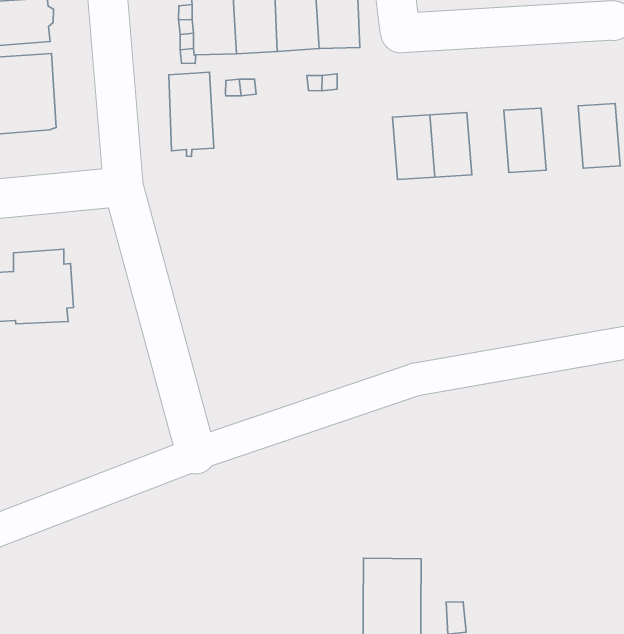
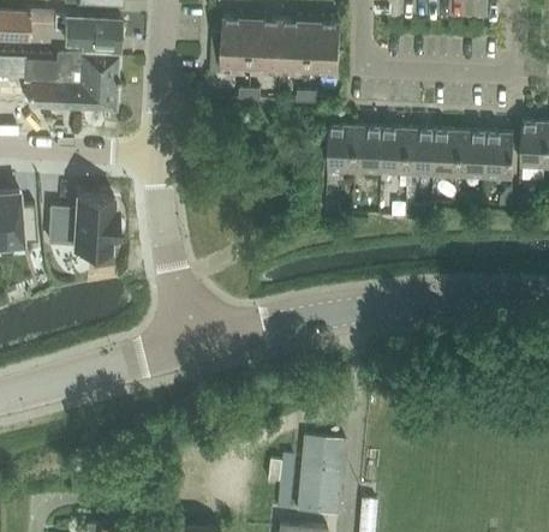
building: [169,72,214,156] -> none
building: none -> [460,132,488,178]
building: none -> [407,130,435,175]
building: none -> [328,126,356,172]

